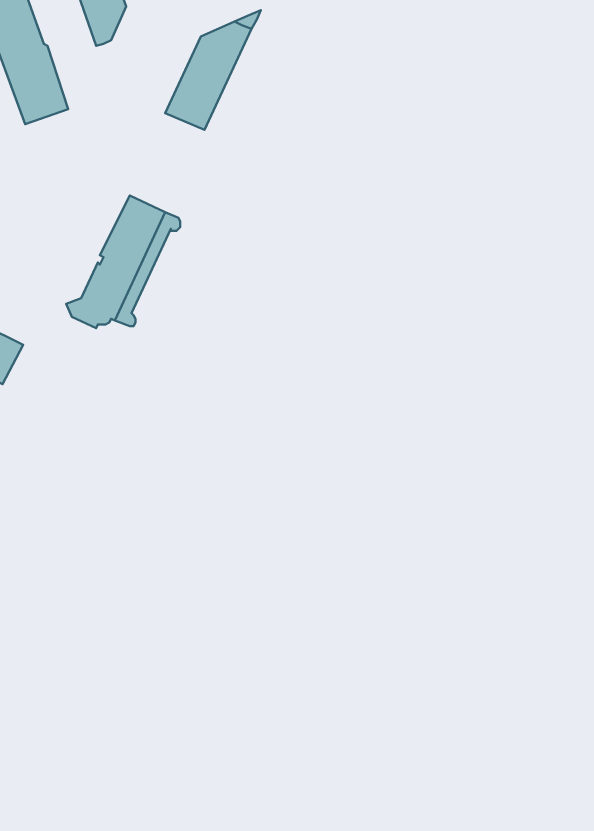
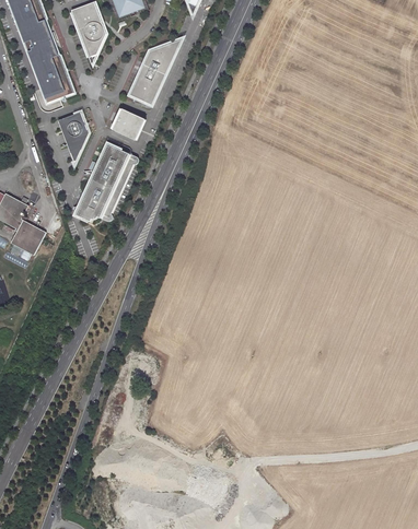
building: none -> [112,108,144,140]
building: none -> [58,110,89,163]

